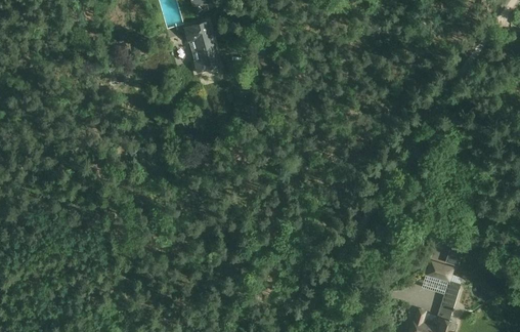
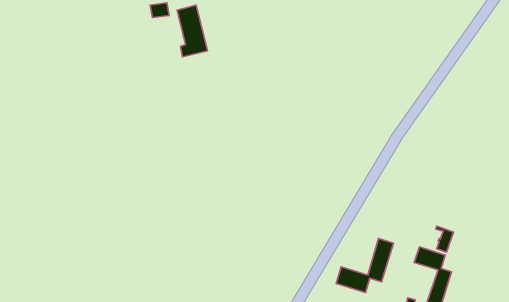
building: none -> [336,238,394,292]

